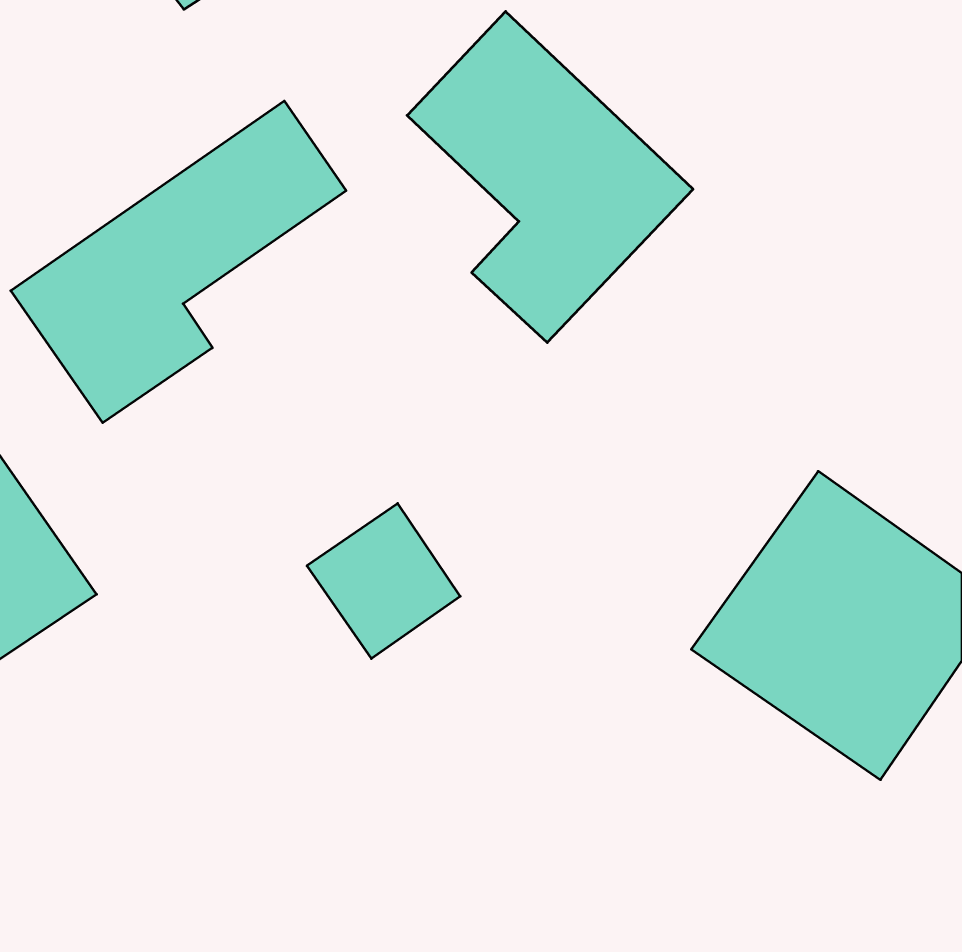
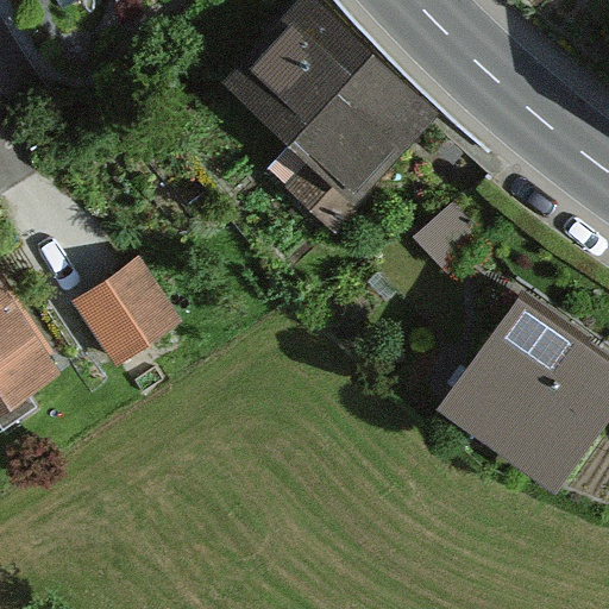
building: [11,101,346,423] -> none
building: [307,503,460,659] -> [82,257,178,354]

